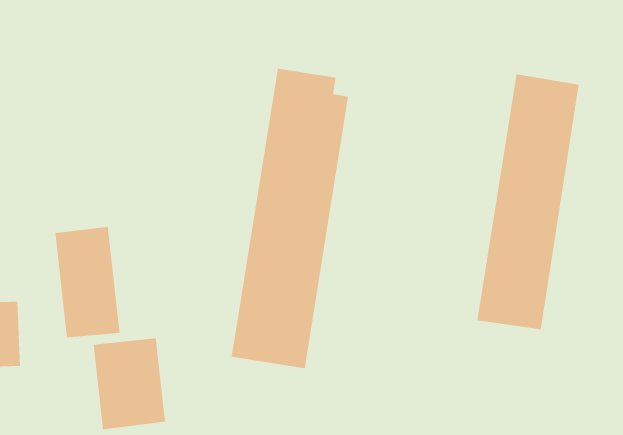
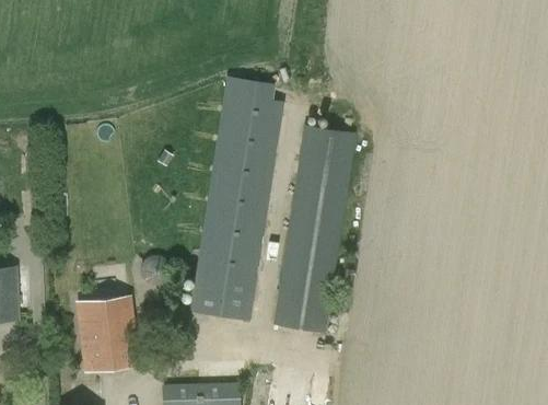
building: [476,74,579,330] -> [272,125,355,332]
building: [55,226,120,338] -> none

